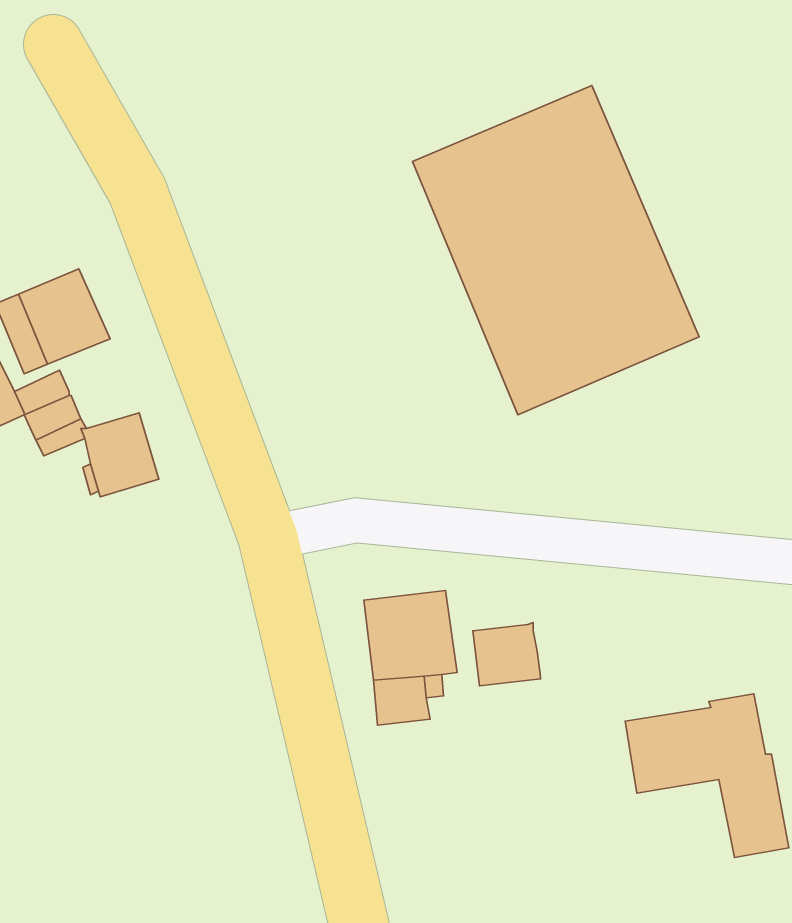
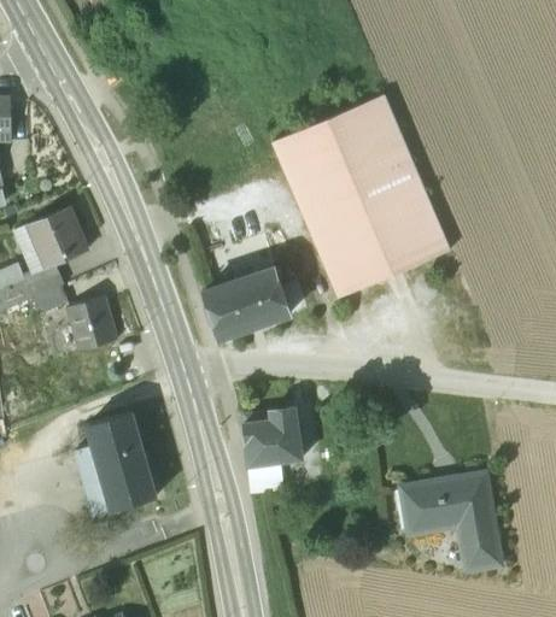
building: none -> [203,269,289,337]
building: none -> [74,411,157,515]
building: [473,622,541,686] -> none

